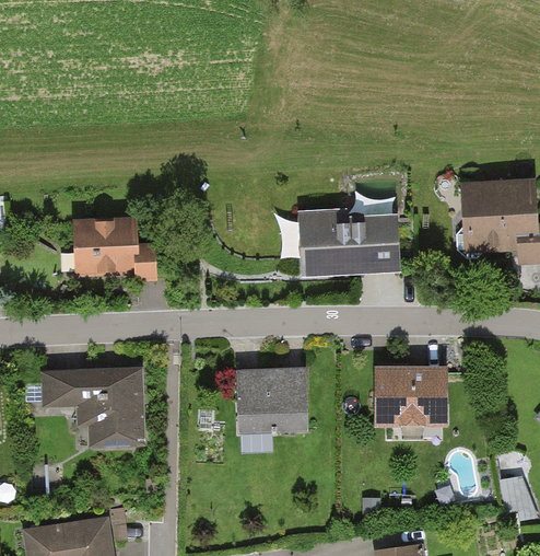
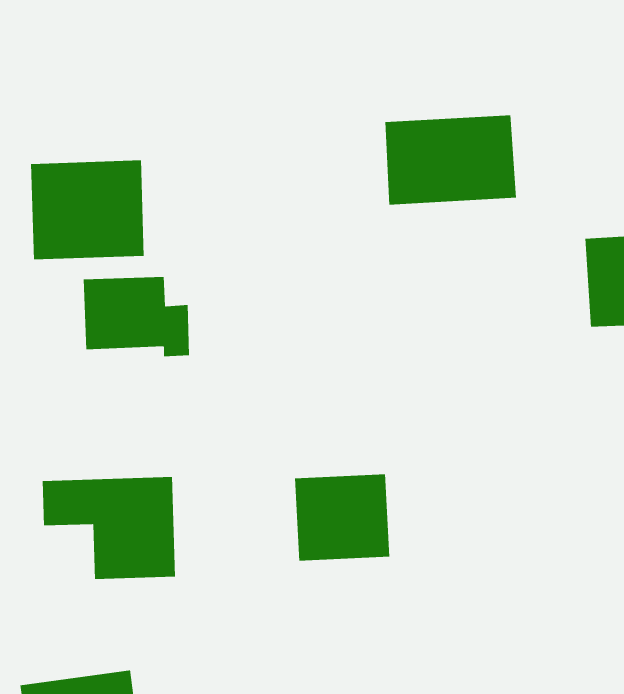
building: none -> [31,160,144,260]
building: [297,205,400,275] -> [384,115,517,205]
building: [373,362,443,427] -> none

